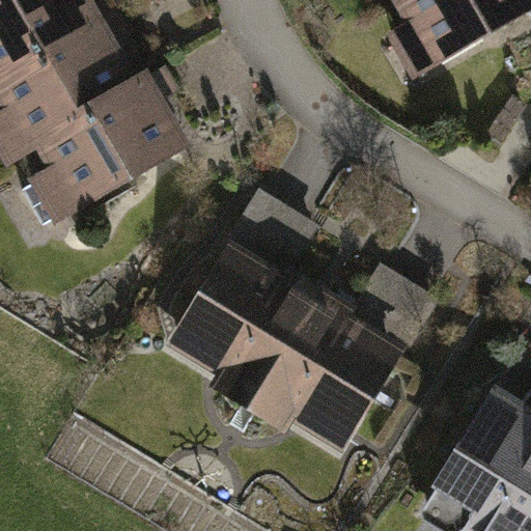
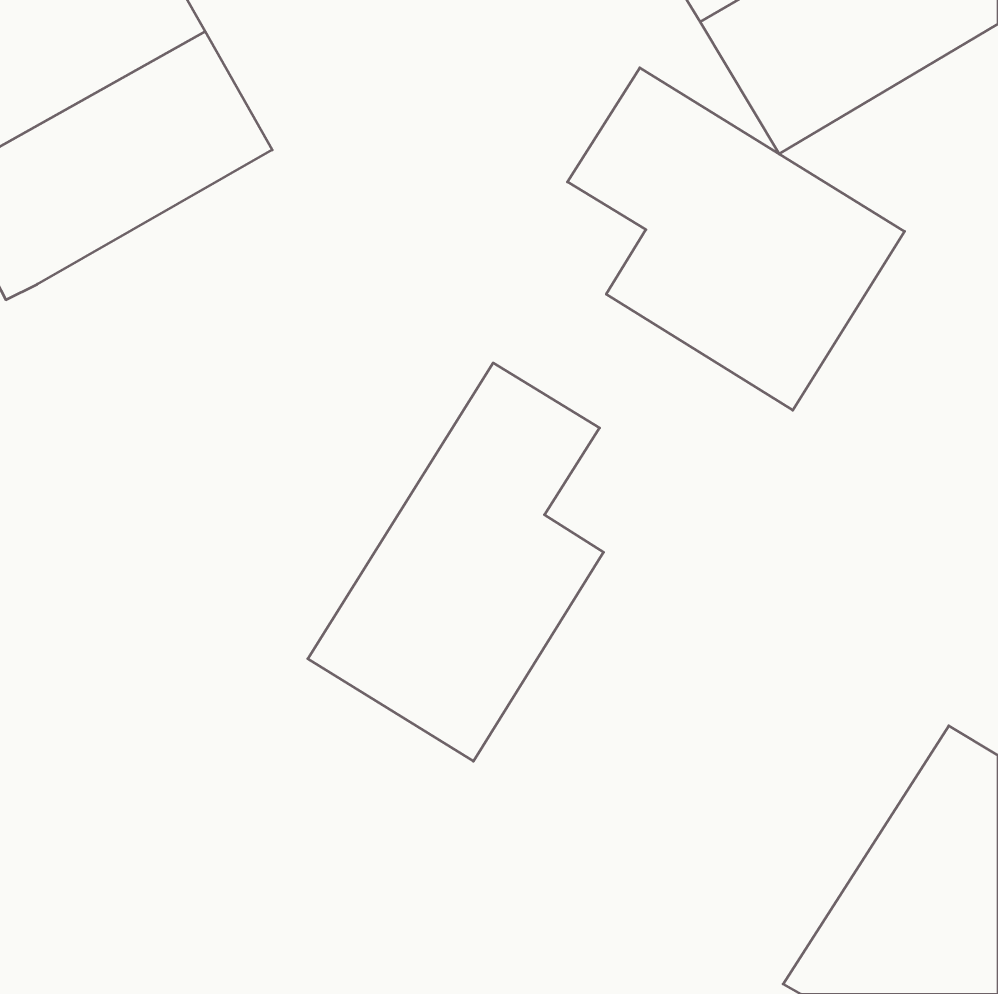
building: none -> [567,68,905,410]
building: [20,75,192,219] -> none
building: [249,264,438,456] -> none

